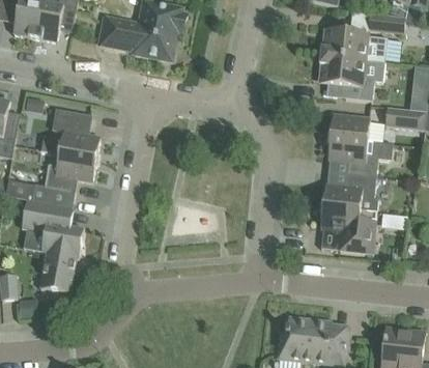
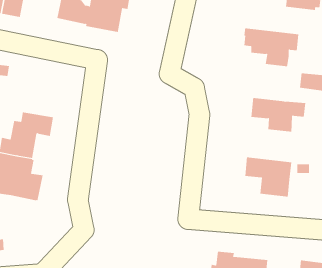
building: [320,28,387,61] -> none
building: [40,108,99,159] -> none
building: [330,113,370,140] -> none
building: [322,173,378,211] -> none
building: [39,251,76,292] -> none

